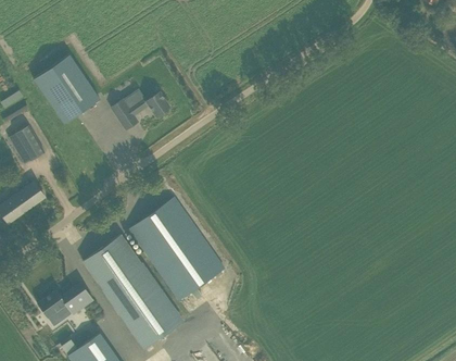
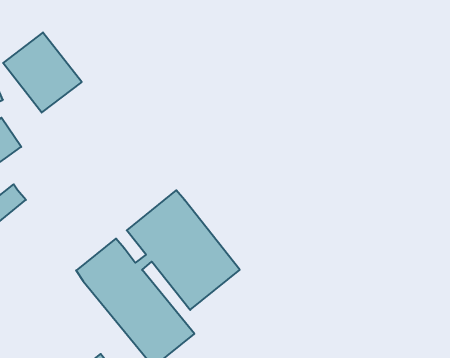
building: [112,92,170,129] -> none
building: [38,282,94,319] -> none

